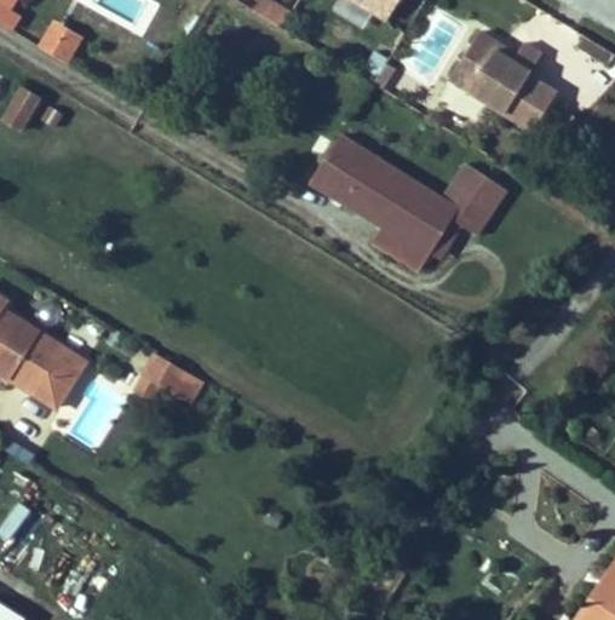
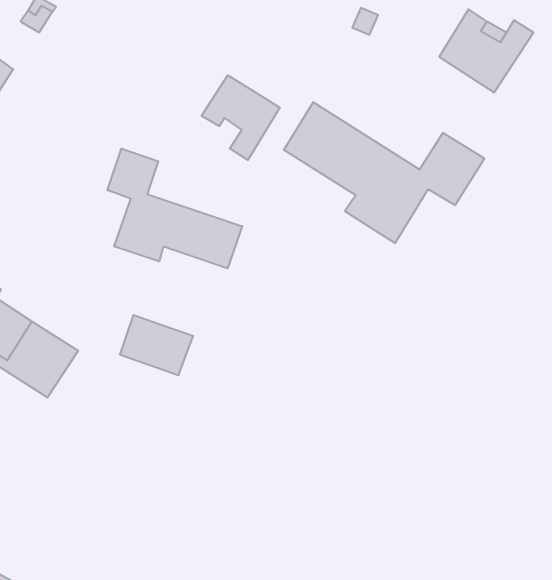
building: none -> [202,75,280,160]
building: none -> [107,149,242,268]

